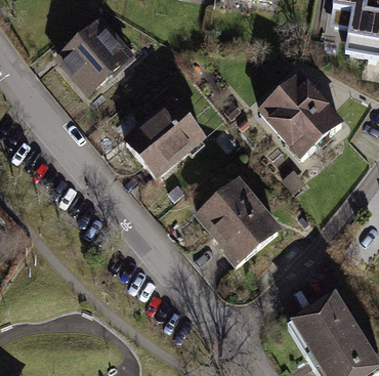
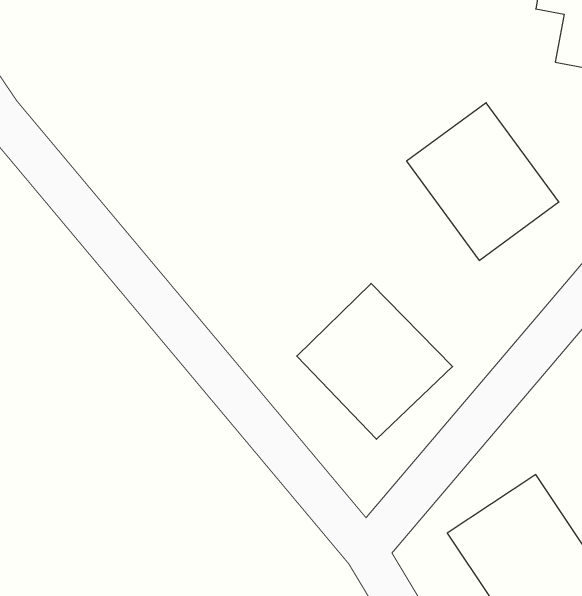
building: [46,17,130,99] -> none
building: [123,94,212,183] -> none

